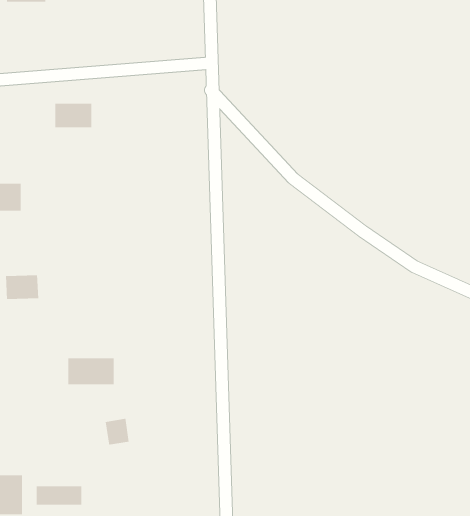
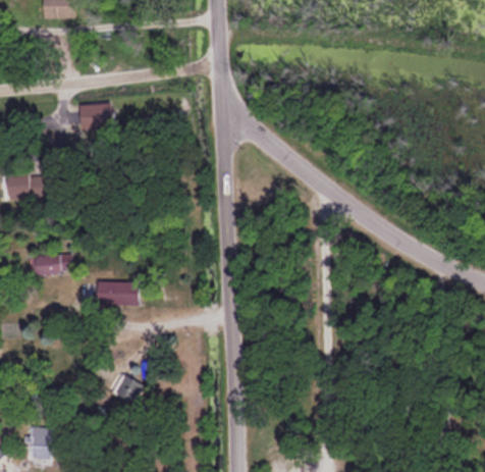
building: [67,358,114,385] -> [97,282,138,306]
building: [36,486,82,506] -> none

